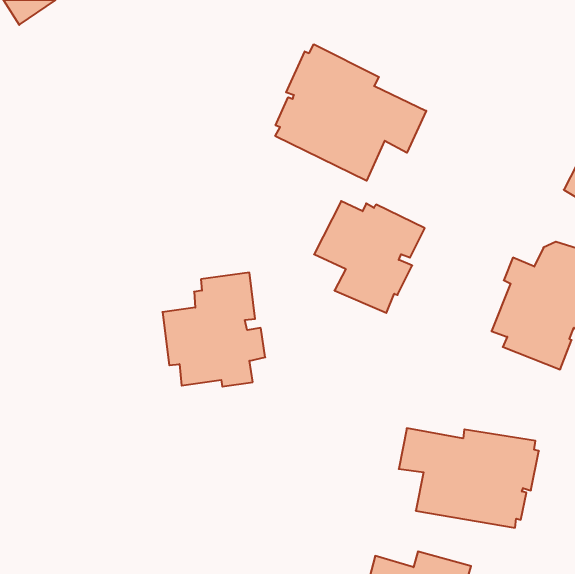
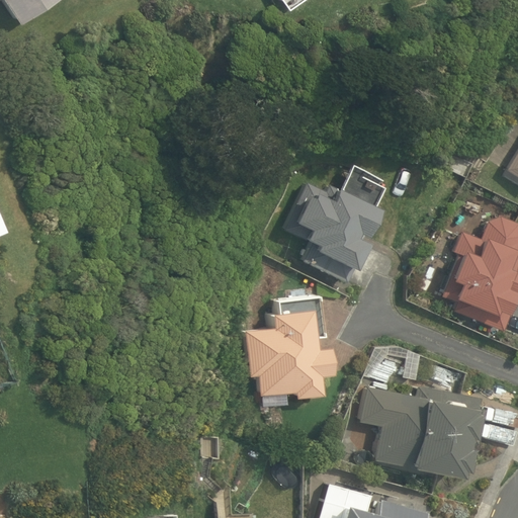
building: [275,44,426,181] -> none
building: [162,273,265,387] -> [243,294,335,397]

